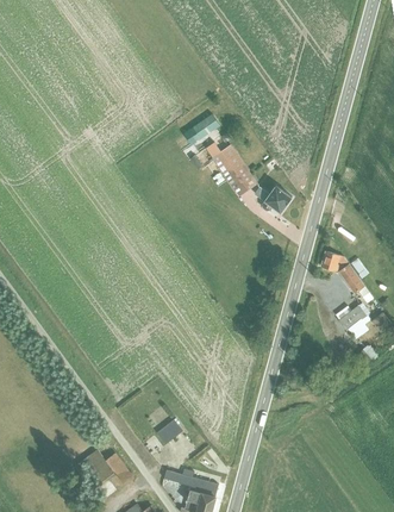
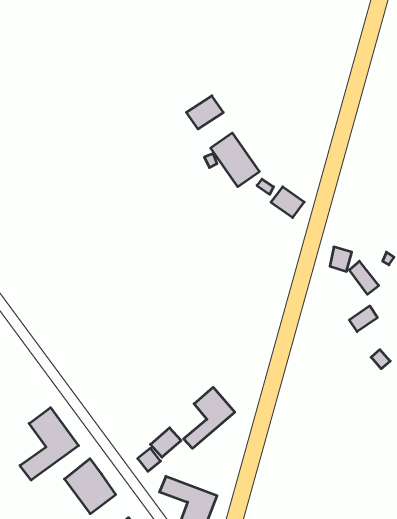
building: none -> [184,387,235,448]
building: none -> [20,408,79,480]

